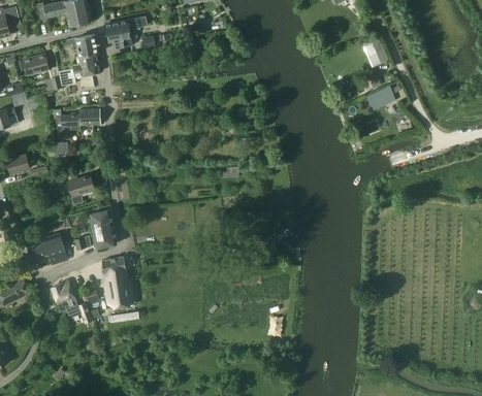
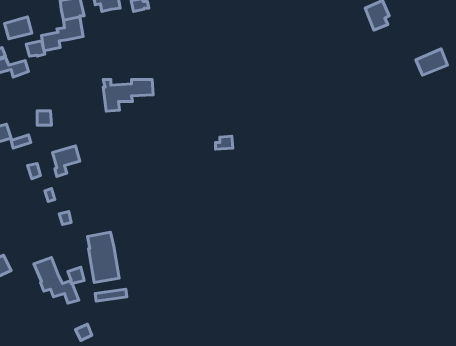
building: [367,85,397,109] -> [416,49,448,75]
building: [53,109,100,139] -> [103,80,153,111]
building: [89,209,117,249] -> none
building: [30,233,67,264] -> none

